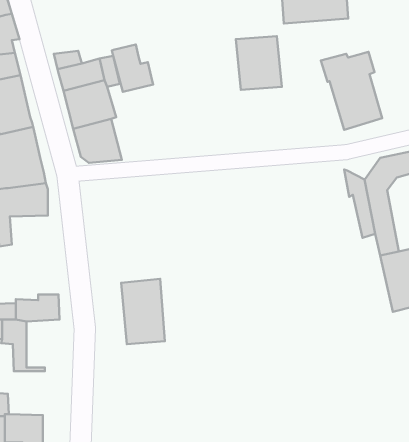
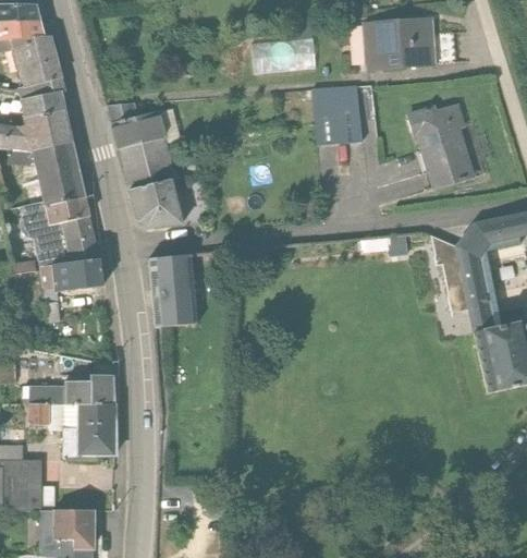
building: [112,45,153,92] -> none
building: [121,279,165,344] -> [149,253,198,326]
building: none -> [77,402,117,456]

